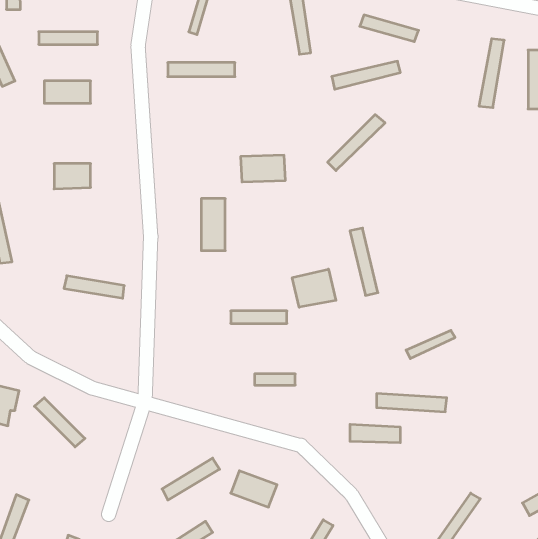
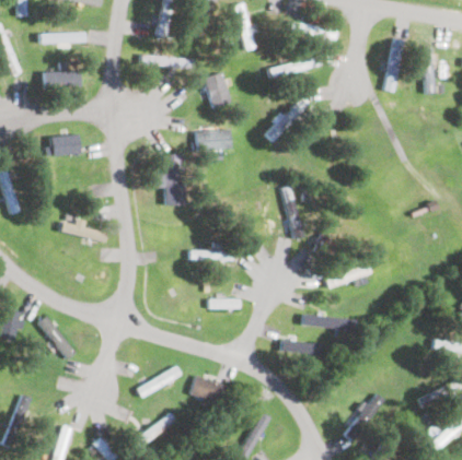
building: none -> [205,73,231,108]
building: [292,269,336,307] -> none

